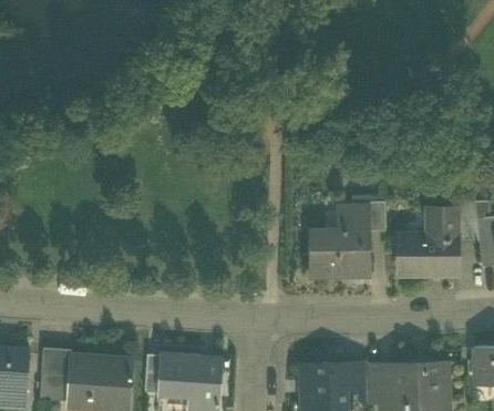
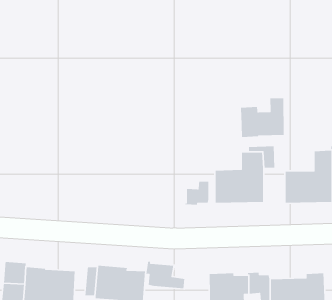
building: none -> [240,98,285,138]
building: none -> [184,181,209,206]
building: none -> [145,261,185,289]

